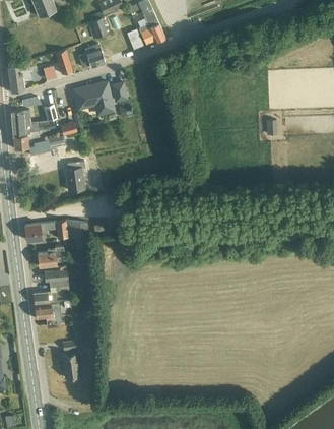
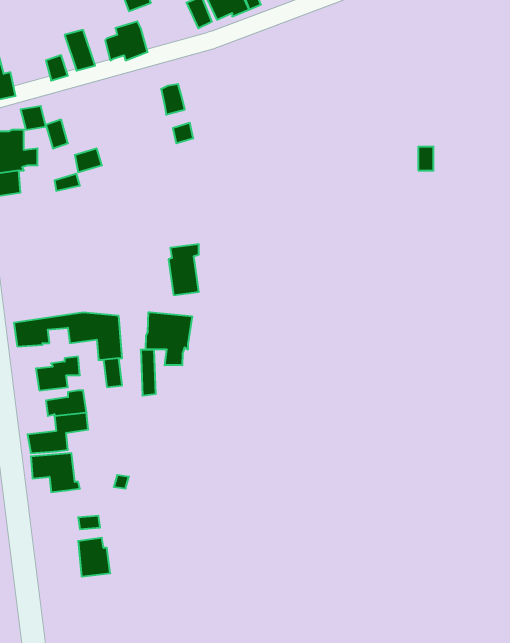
building: [74,82,114,114] -> none
building: [66,161,84,191] -> [168,244,199,295]
building: none -> [146,312,192,365]

